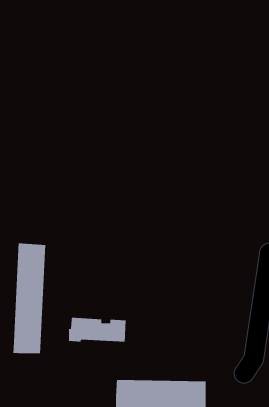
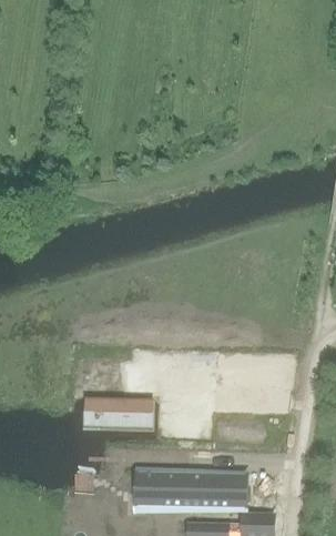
building: [13,242,46,354] -> none

